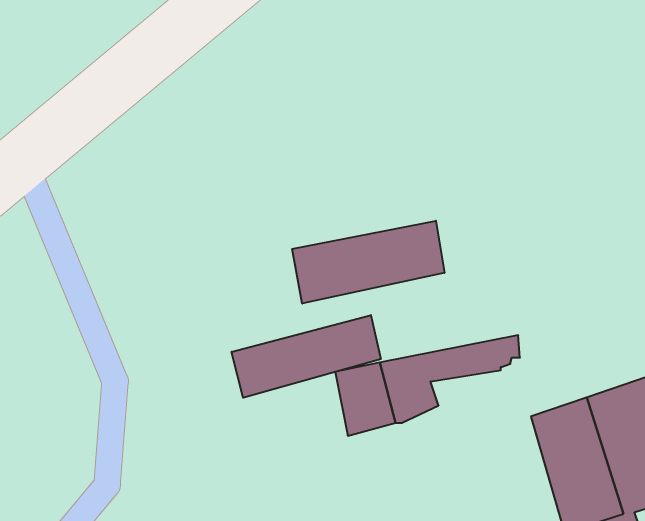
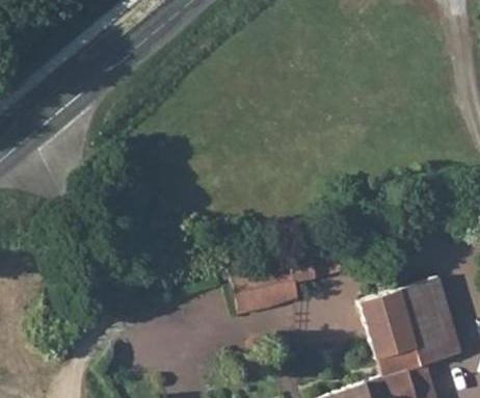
building: [292,221,444,304] -> none
building: [232,315,381,398] -> none

